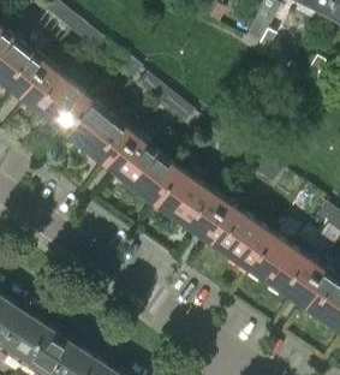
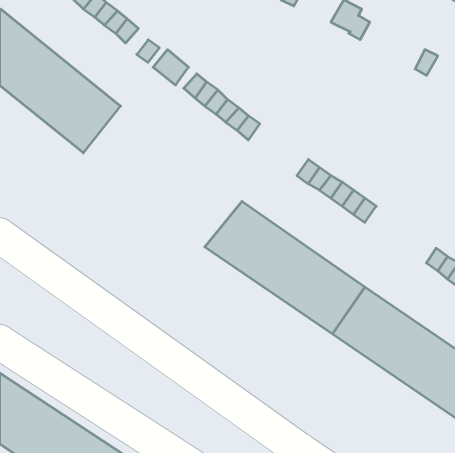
building: [62,97,180,202] -> none

